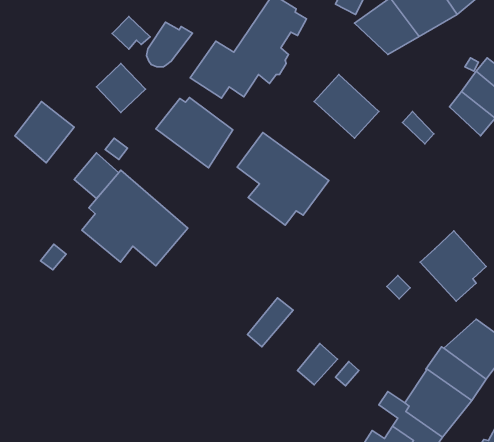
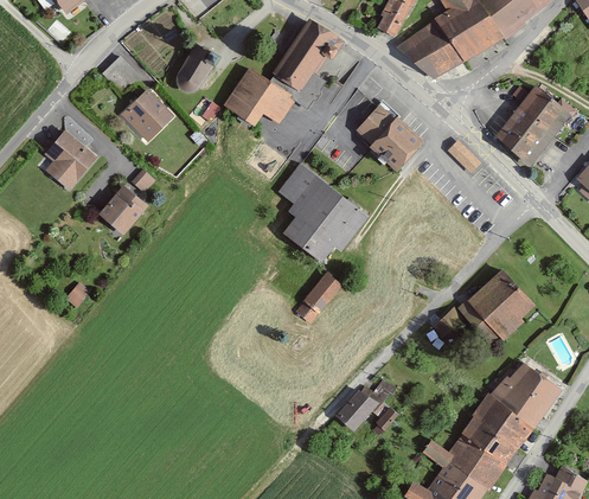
building: [112,17,150,49] -> [102,53,142,88]
building: [156,98,233,168] -> none
building: [82,170,188,266] -> none
building: [247,298,293,347] -> [294,270,342,322]

